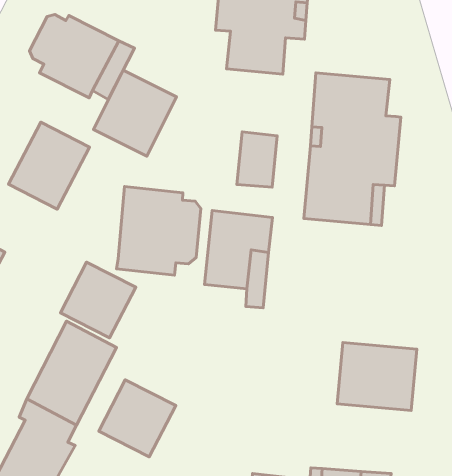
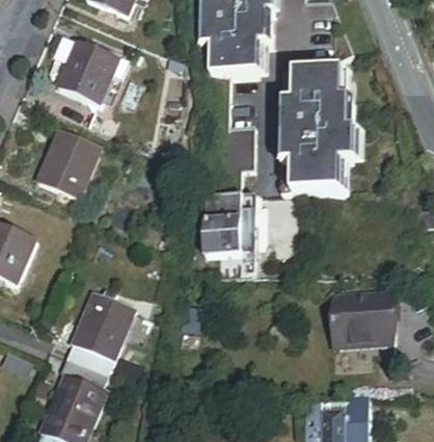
building: [94,70,176,156] -> none
building: [116,187,201,275] -> none
building: [60,262,136,338] -> none
building: [99,380,176,457] -> none

